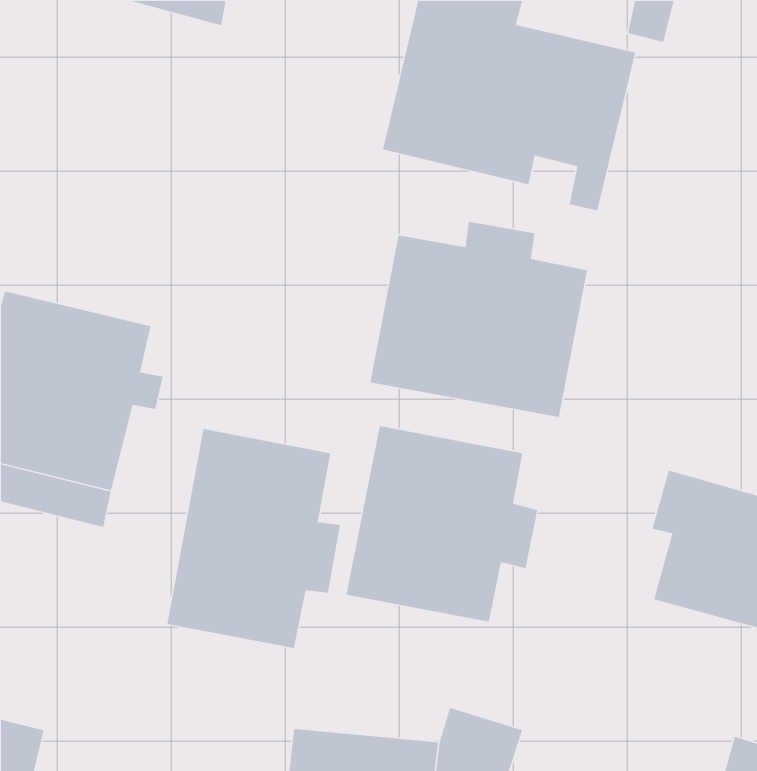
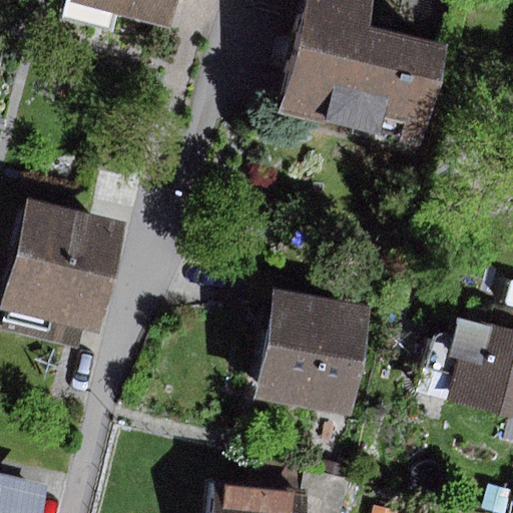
building: [369,221,588,418] -> none
building: [166,428,341,649] -> none

